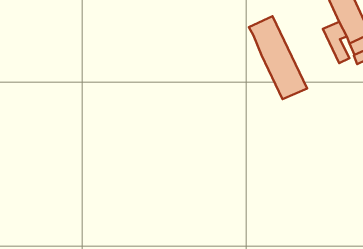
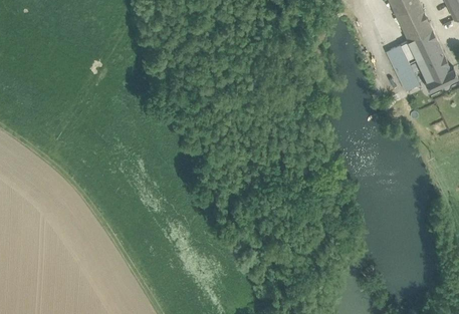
building: [249,16,307,99] -> none

